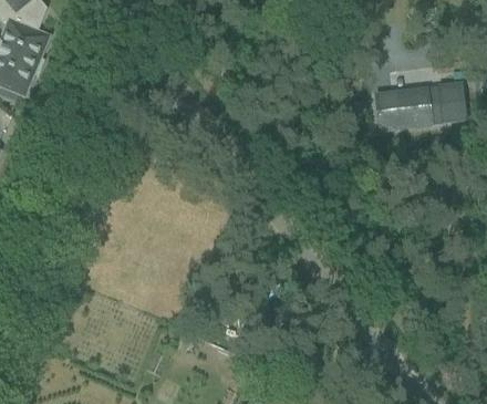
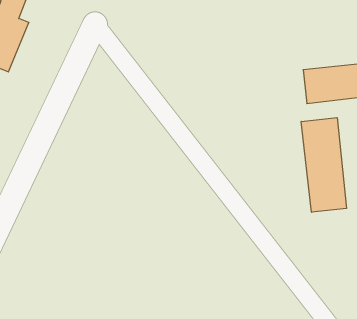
building: none -> [301,118,347,212]

